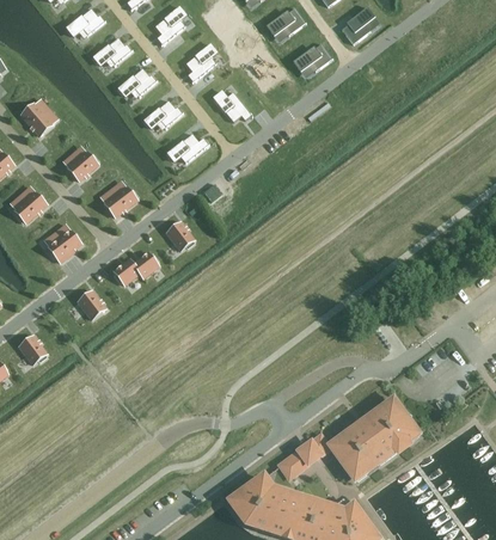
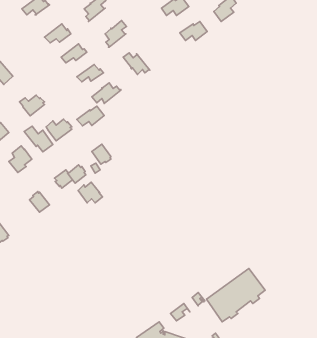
building: none -> [77,106,104,126]
building: none -> [24,126,53,152]
building: none -> [78,182,102,203]

